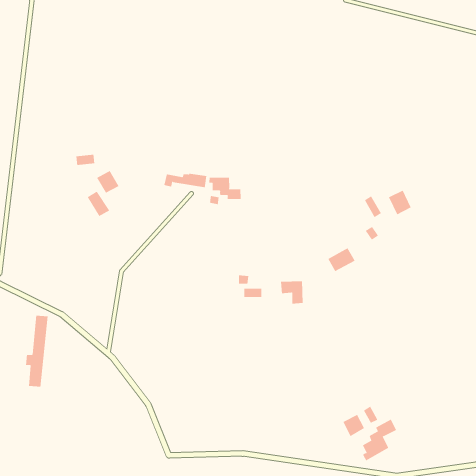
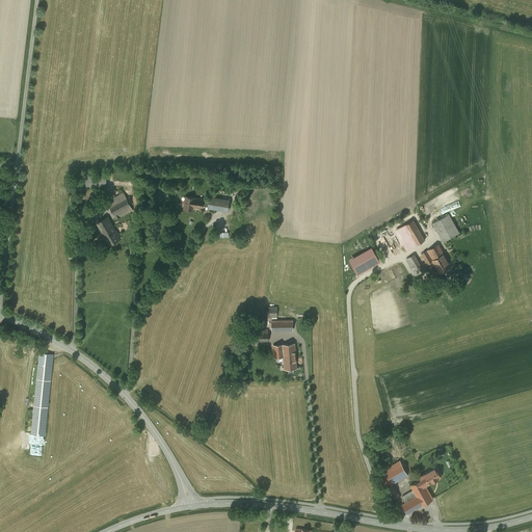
building: [209,177,241,200] -> none
building: none -> [421,243,451,272]
building: [327,248,355,272] -> [348,249,379,276]
building: [280,281,304,304] -> [271,344,297,370]

